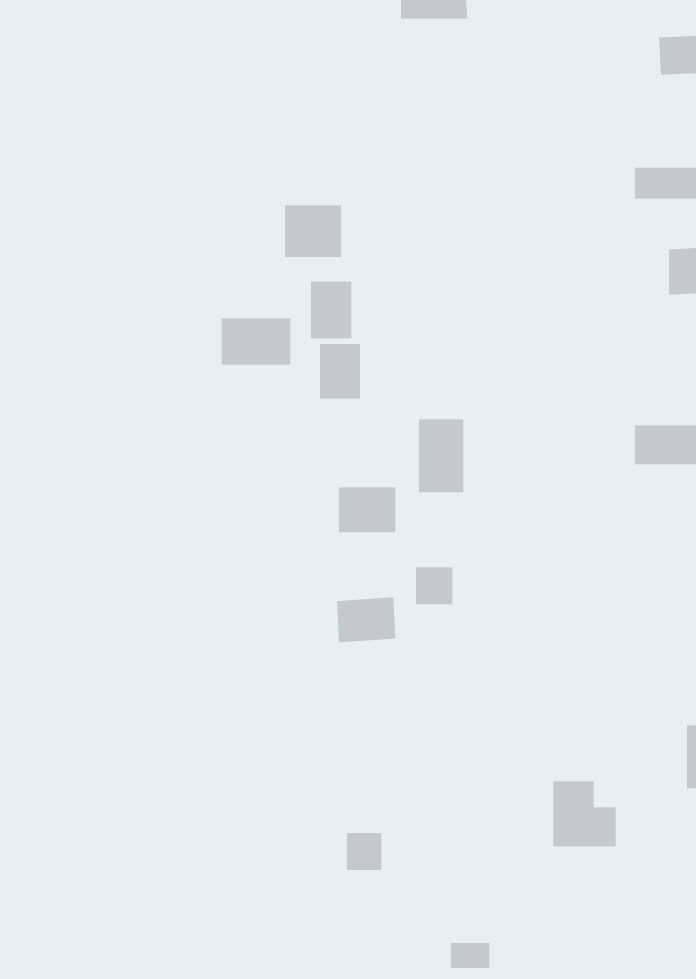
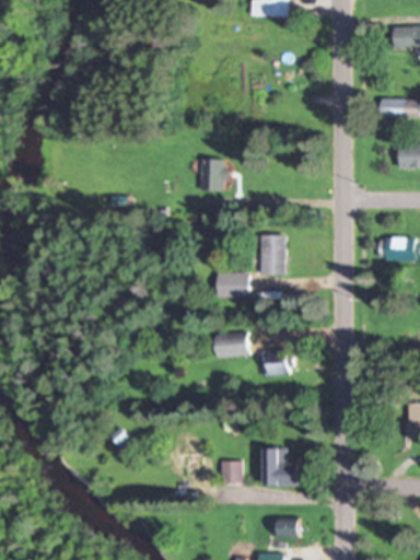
building: [284,205,341,258] -> none
building: [221,318,291,366] -> none
building: [320,343,360,400] -> none
building: [415,567,453,605] -> [268,352,289,373]
building: [552,781,616,847] -> [265,448,300,485]

